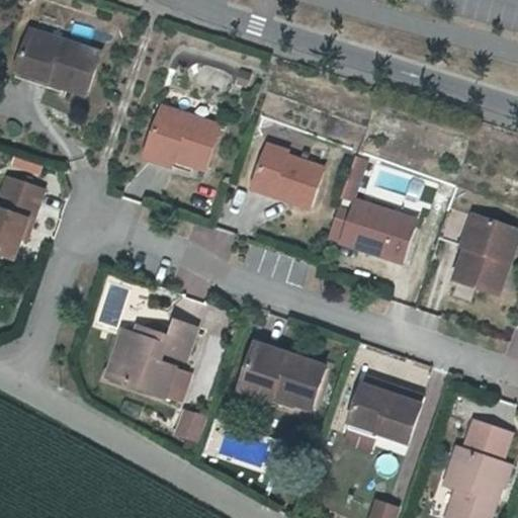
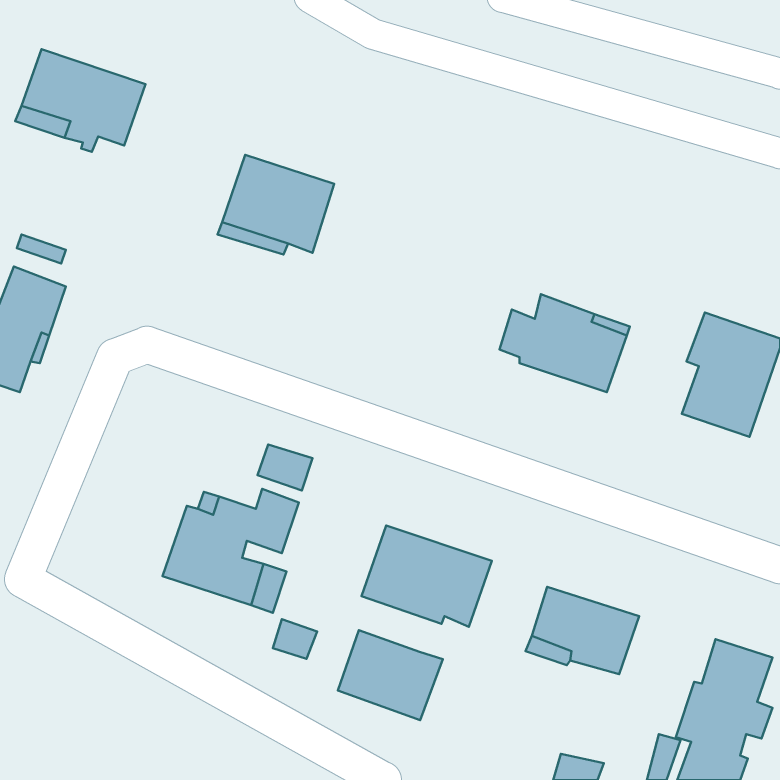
building: [252,143,322,202] -> none
building: none -> [338,630,443,720]

